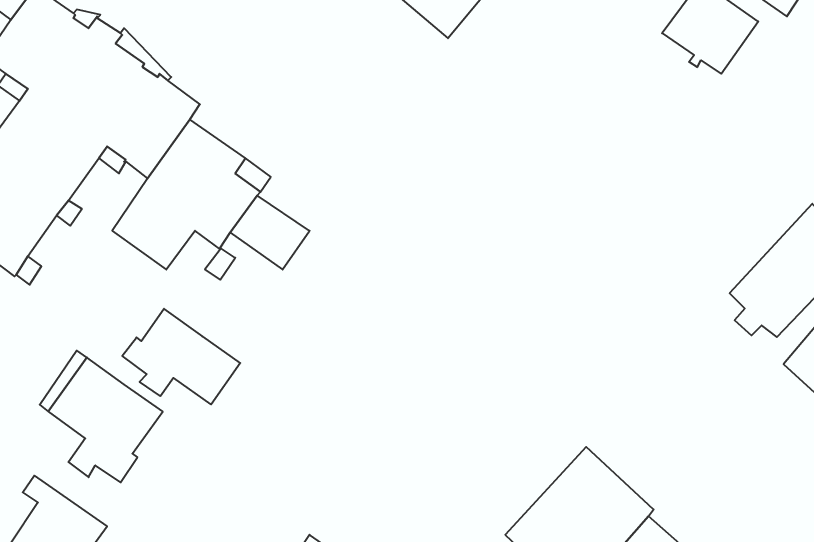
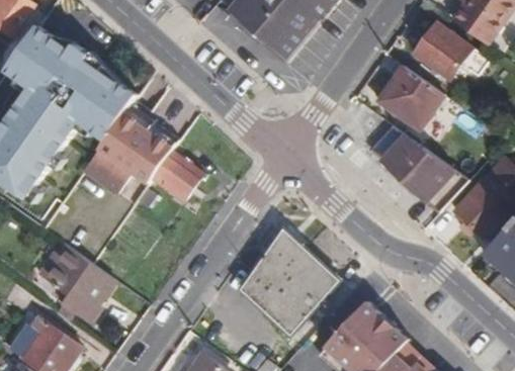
building: none -> [377,65,443,129]
building: none -> [370,124,467,210]
building: [122,309,240,404] -> none
building: none -> [238,227,350,346]

